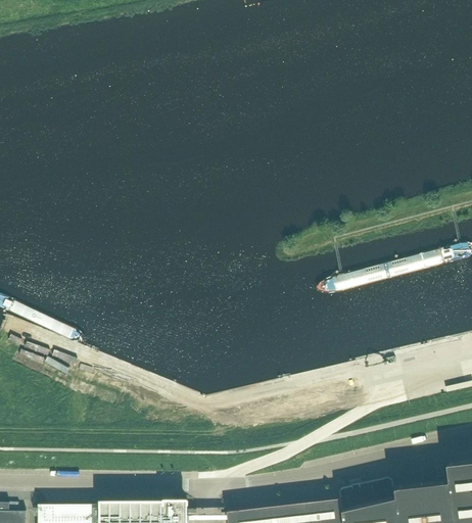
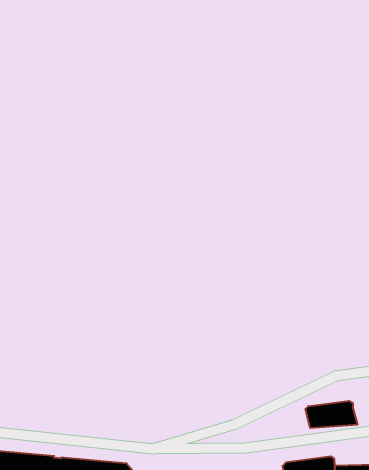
building: none -> [306,401,357,428]

